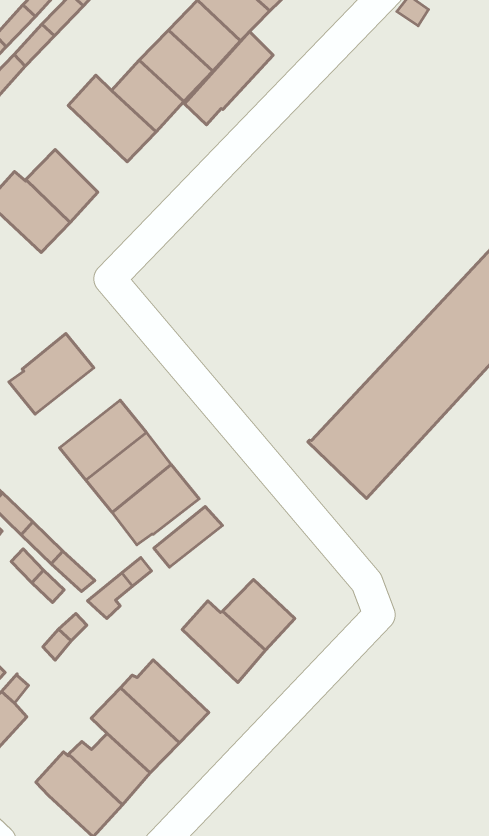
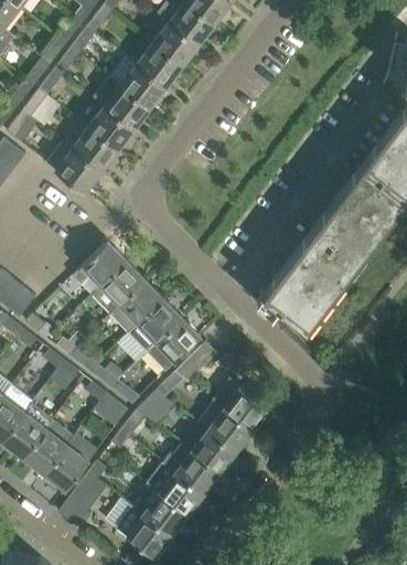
building: [185,32,273,125] -> none
building: none -> [87,105,133,150]
building: none -> [92,262,144,315]
building: none -> [182,422,237,472]

